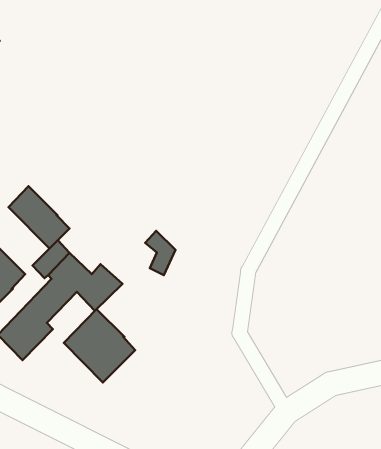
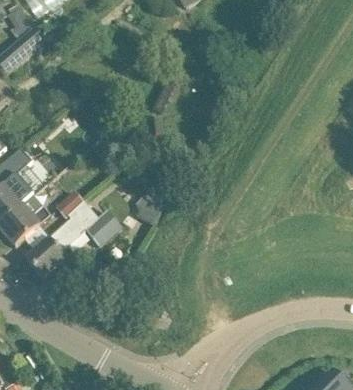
building: [9,186,69,249] -> none
building: [64,309,135,382] -> none

